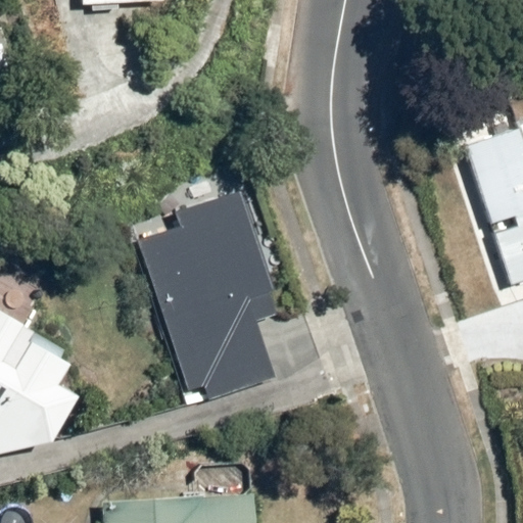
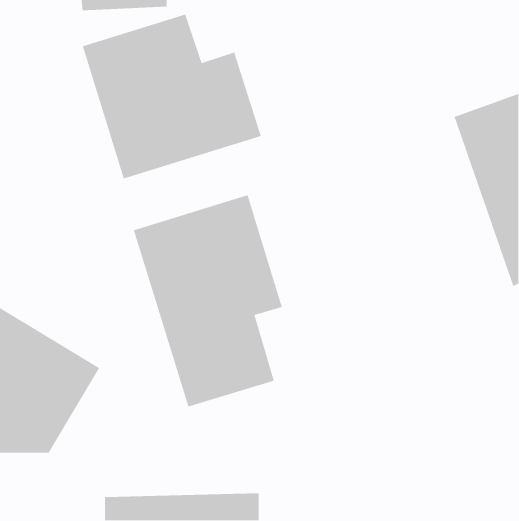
building: none -> [82,13,262,179]

